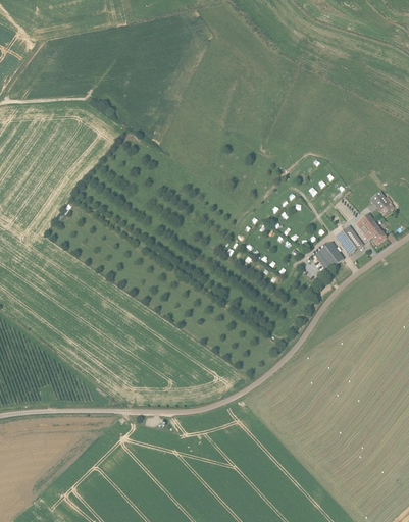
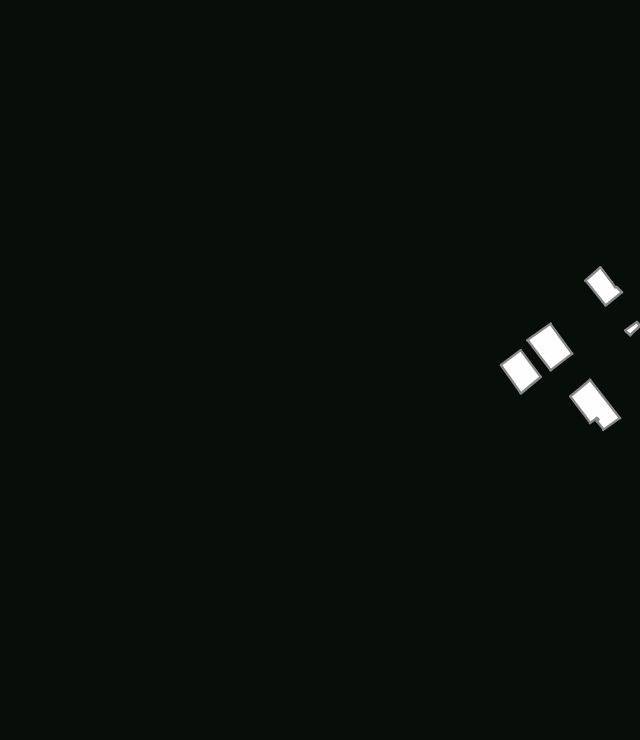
building: [355,214,386,245] -> [570,380,620,430]

